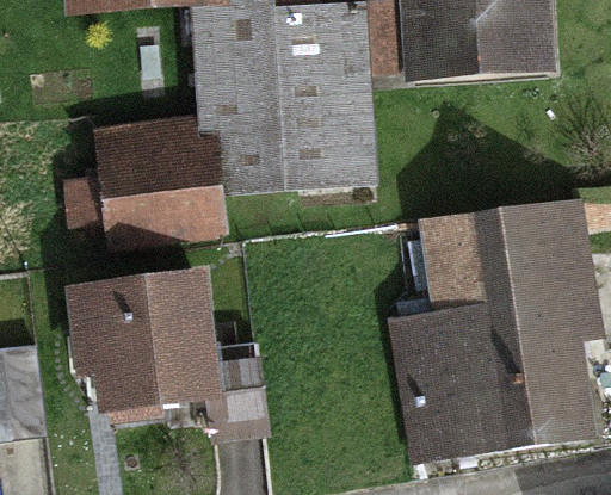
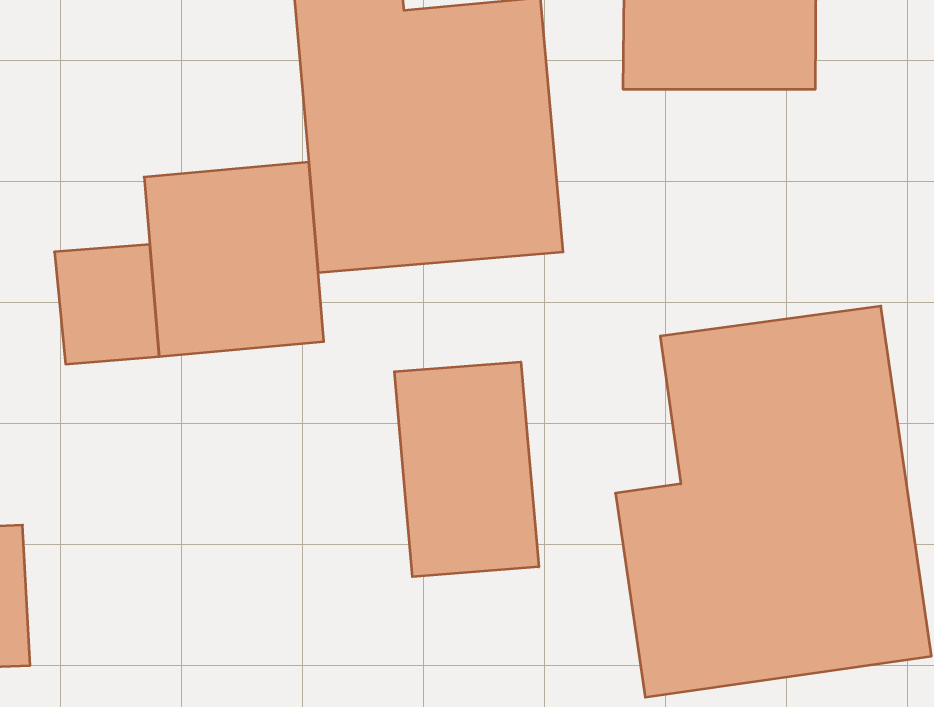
building: none -> [394,362,539,577]
building: [70,287,211,412] -> none

